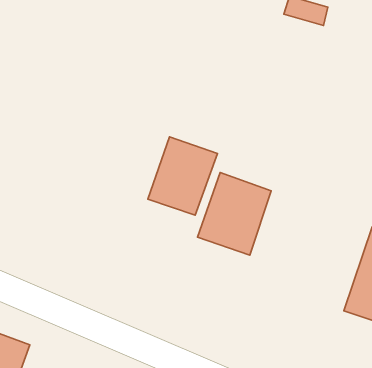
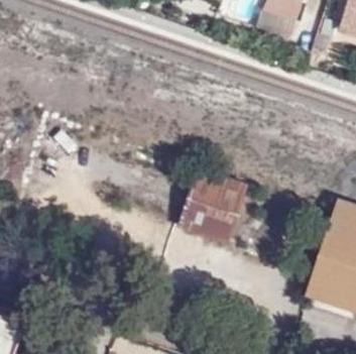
building: [148,137,218,215] -> none

